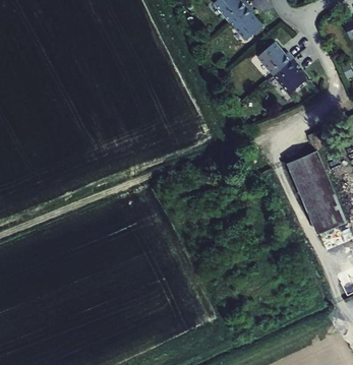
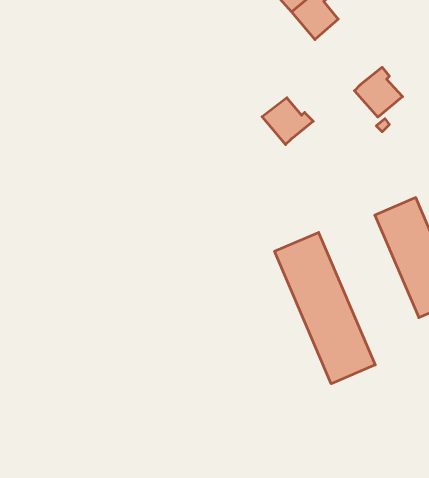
building: [256,44,292,76] -> [262,98,313,145]
building: none -> [275,232,375,384]

